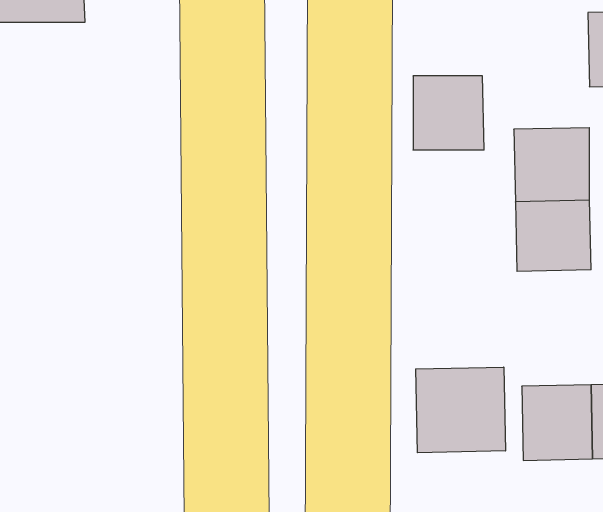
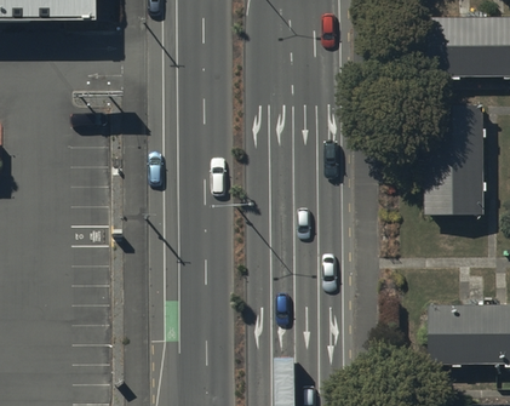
building: [413,76,484,150] -> [429,18,483,75]
building: [416,367,505,453] -> none

